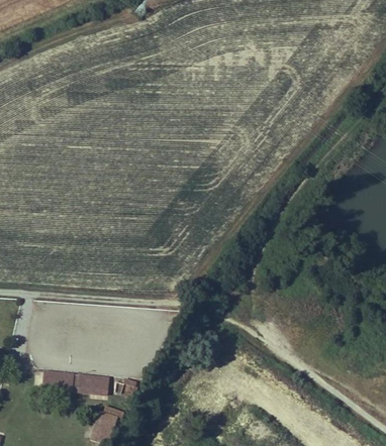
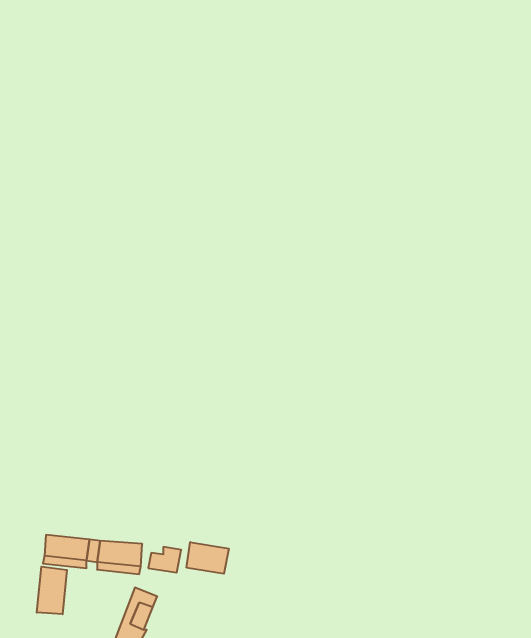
building: none -> [187,542,229,574]
building: none -> [37,567,67,614]

